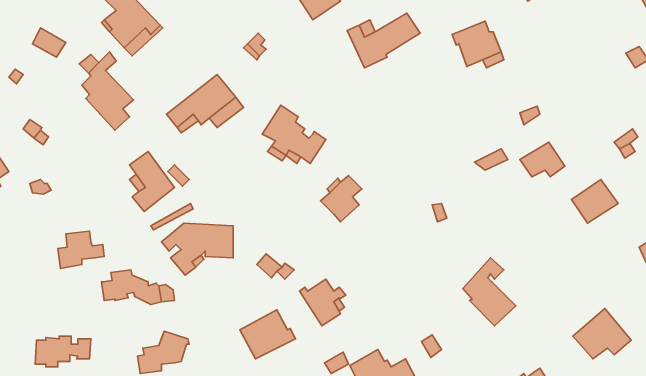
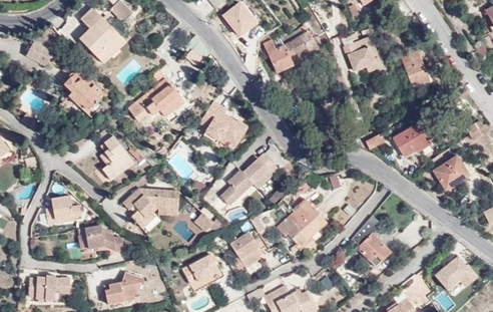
building: none -> [400,53,430,87]
building: none -> [221,171,254,205]
building: none -> [278,202,325,247]

